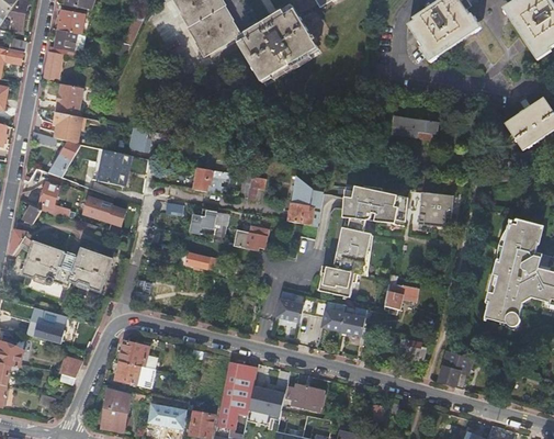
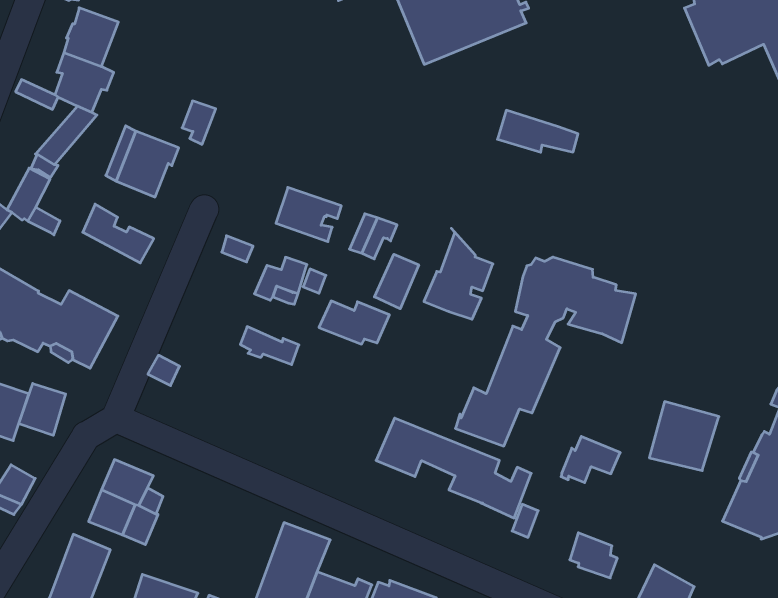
building: [391,115,437,136] -> [497,110,578,152]
building: [417,191,453,227] -> [649,402,719,471]
building: none -> [374,254,419,309]
building: none -> [19,383,66,435]

